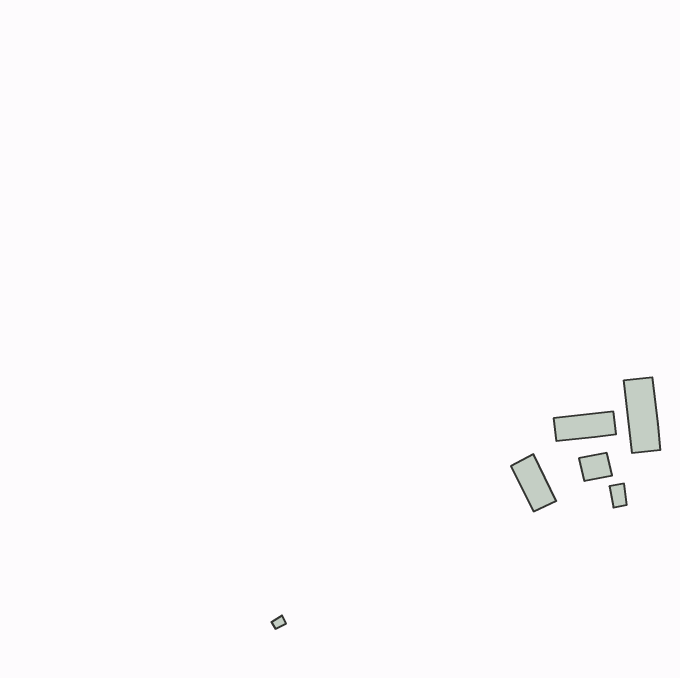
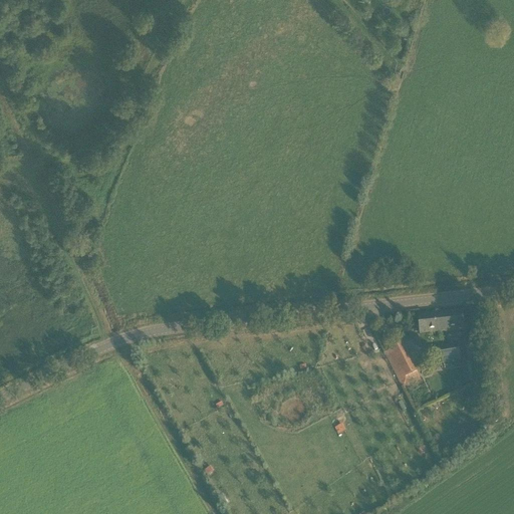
building: [624,377,660,453] -> none

